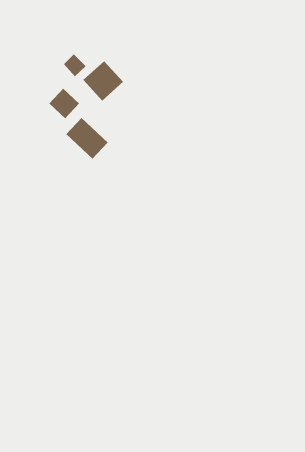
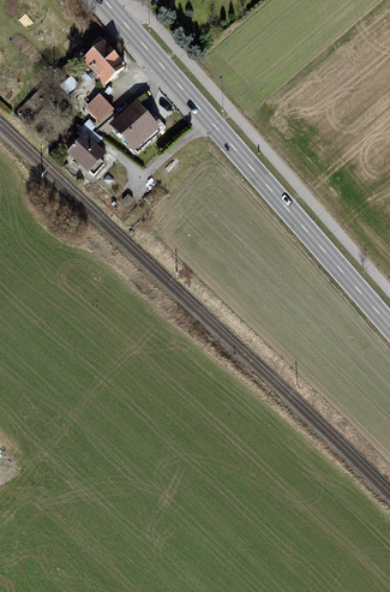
building: none -> [82,38,126,83]
building: [66,117,108,160] -> none

